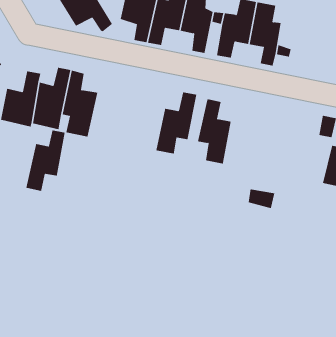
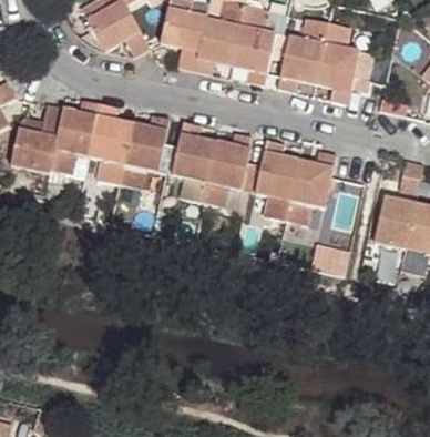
building: none -> [172,122,214,204]
building: none -> [286,151,337,226]
building: [26,130,66,191] -> [121,116,170,192]
building: none -> [376,191,418,244]

